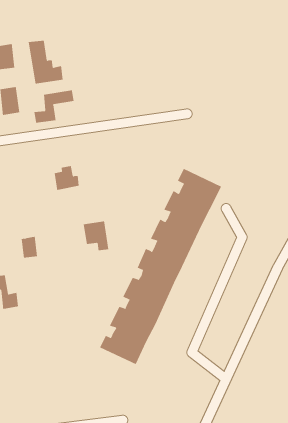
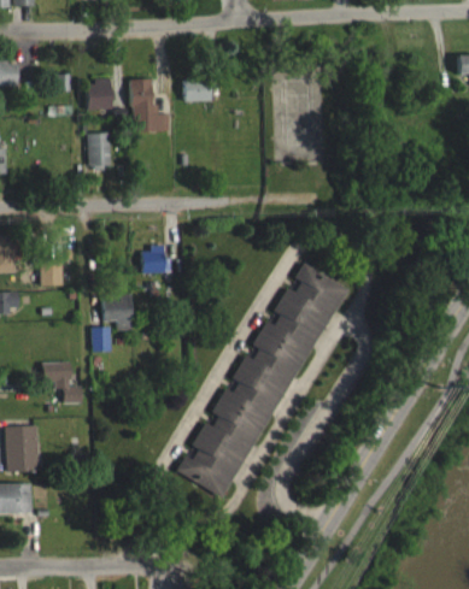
building: none -> [184,78,211,102]
building: [34,90,74,123] -> none
building: [83,221,109,251] -> [106,288,135,324]

